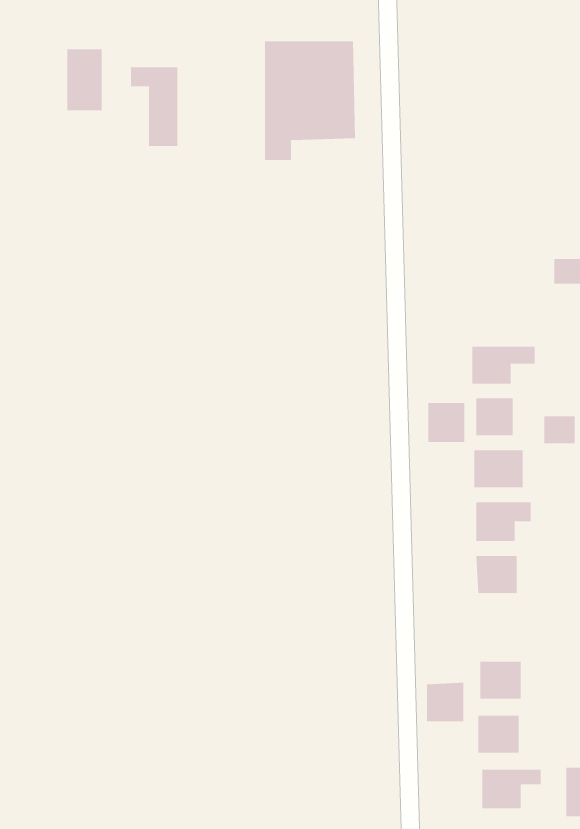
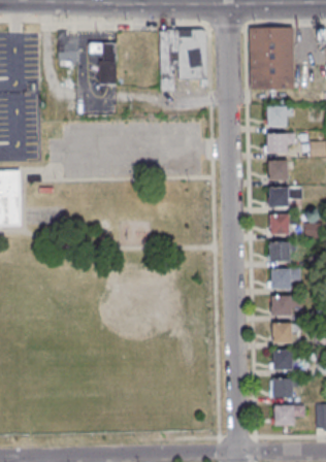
building: none -> [248,27,293,89]
building: none -> [266,105,290,126]
building: none -> [265,132,293,153]
building: [427,402,465,442] -> [267,159,287,179]
building: [426,682,464,722] -> [271,322,291,342]

